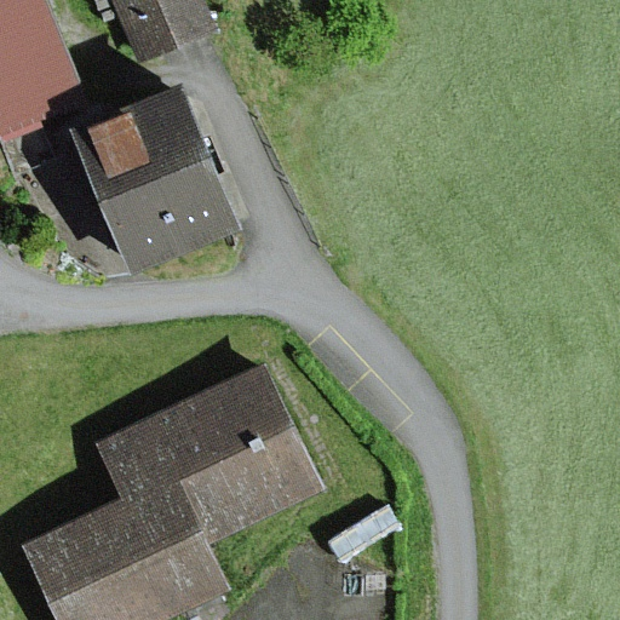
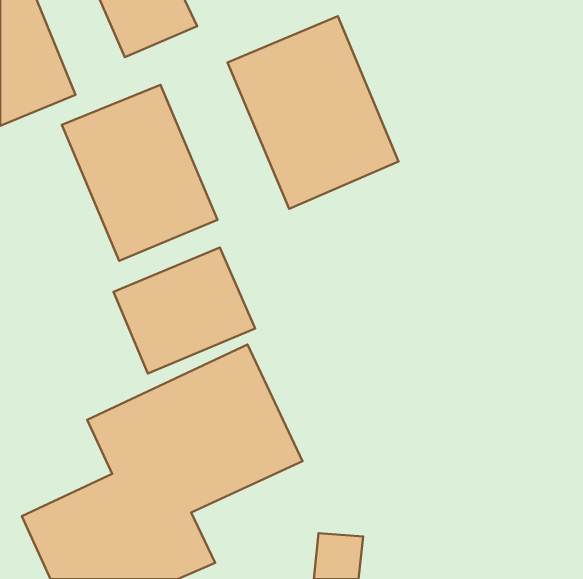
building: none -> [228,16,399,209]
building: none -> [113,248,255,374]

